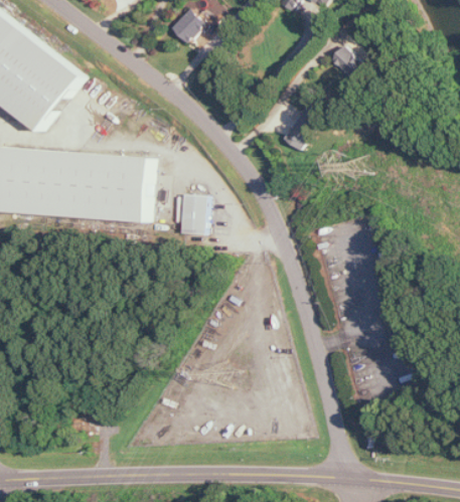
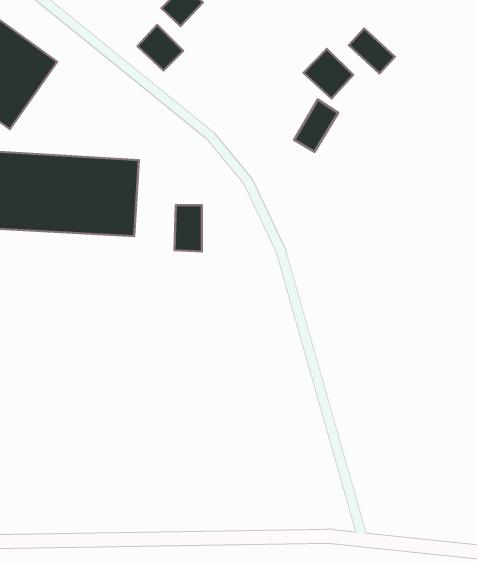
building: none -> [137,25,183,70]
building: none -> [303,49,353,99]

